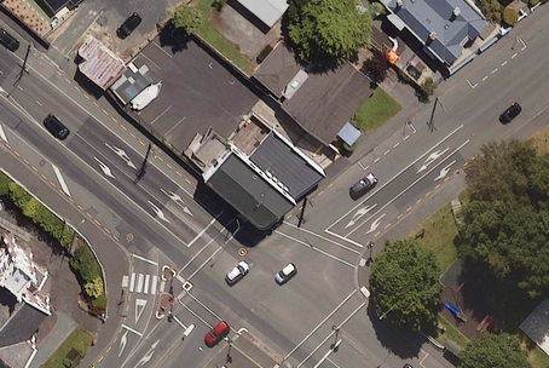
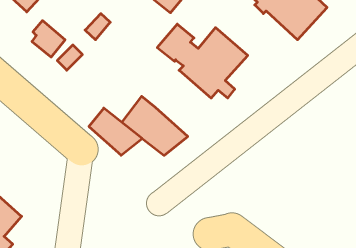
building: [249,132,323,197] -> [89,108,142,155]

